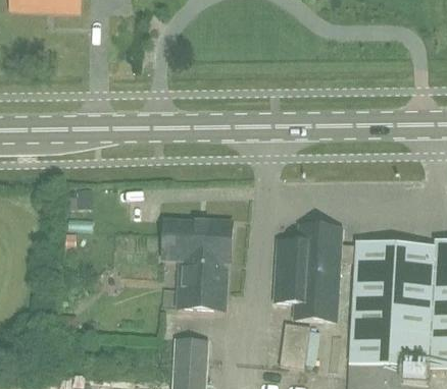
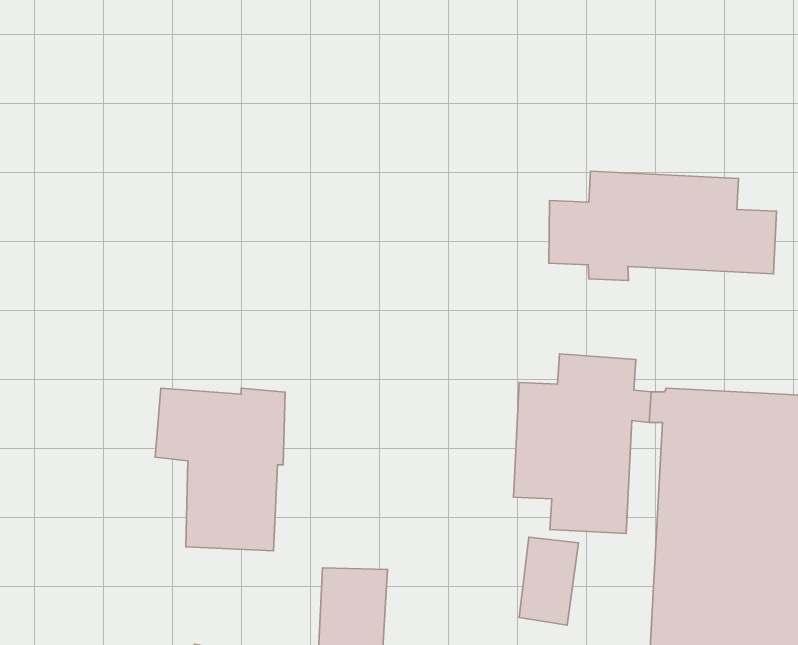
building: none -> [549,171,777,281]
building: [162,222,232,309] -> [155,388,285,551]

